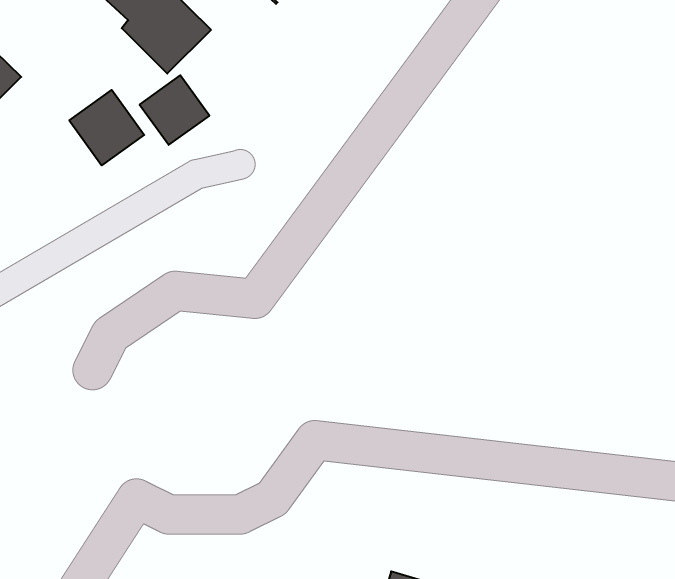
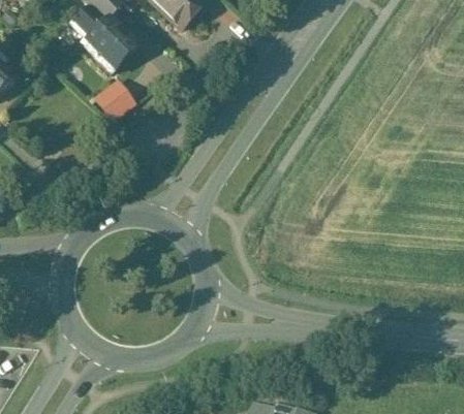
building: [69,90,144,165] -> none

